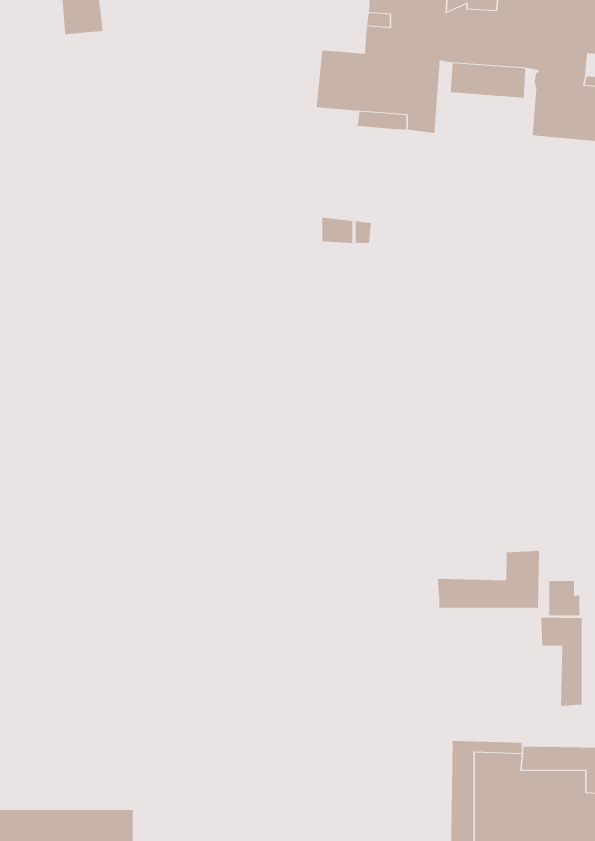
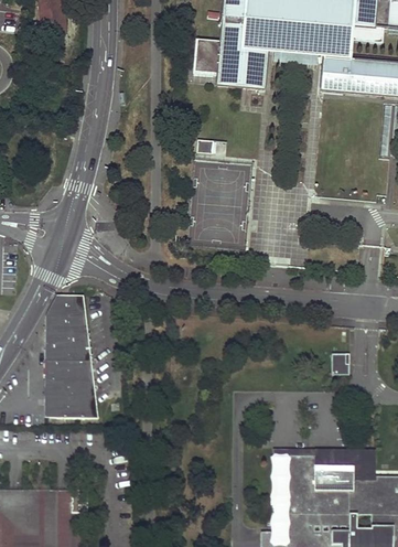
building: none -> [46,292,96,416]
building: [437,550,539,608] -> none
building: [541,617,582,707] -> none

